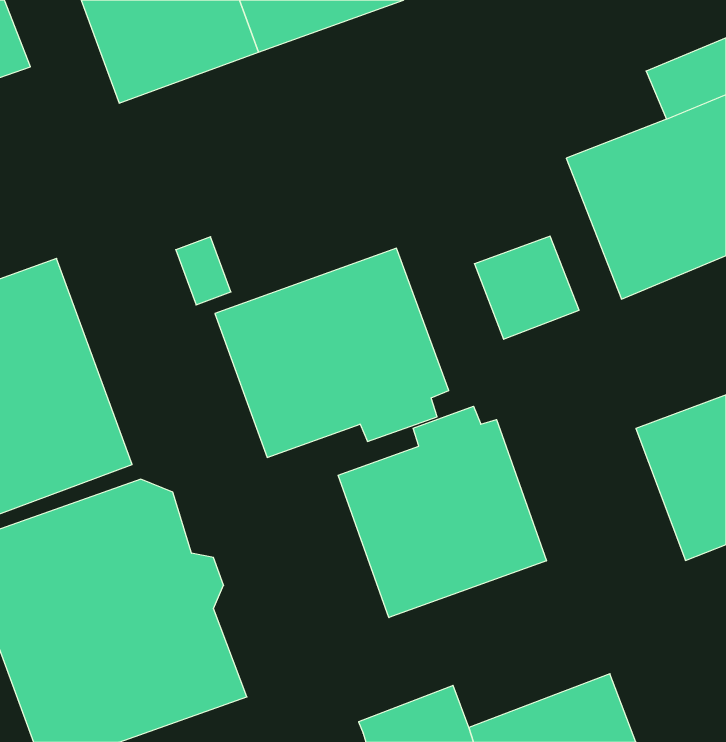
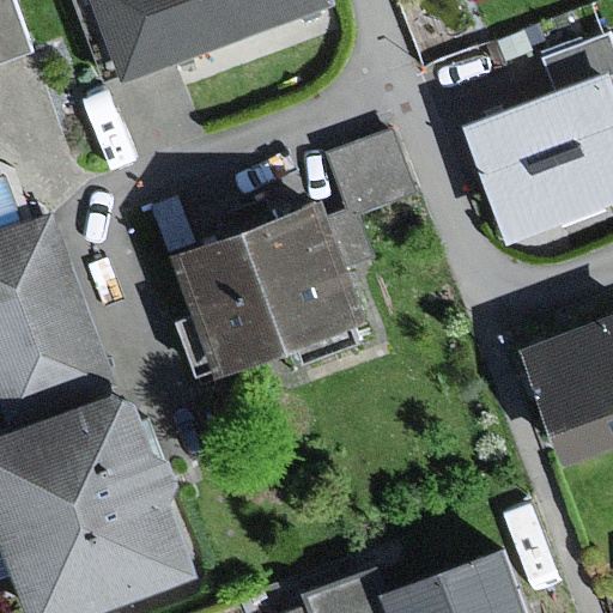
building: [474,236,579,339] -> [321,132,407,217]
building: [338,406,546,618] -> none

